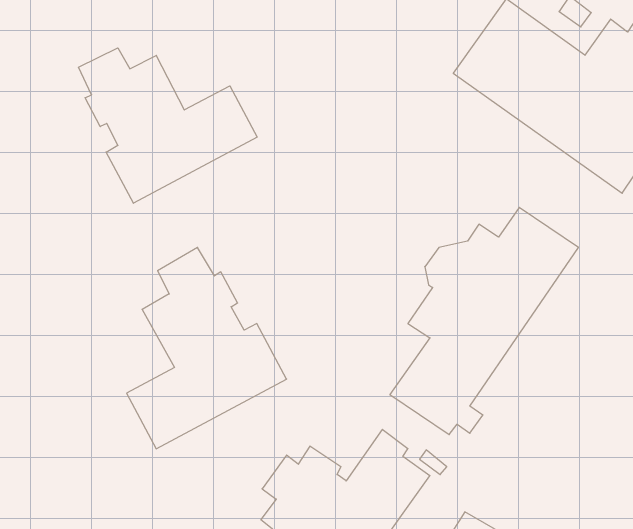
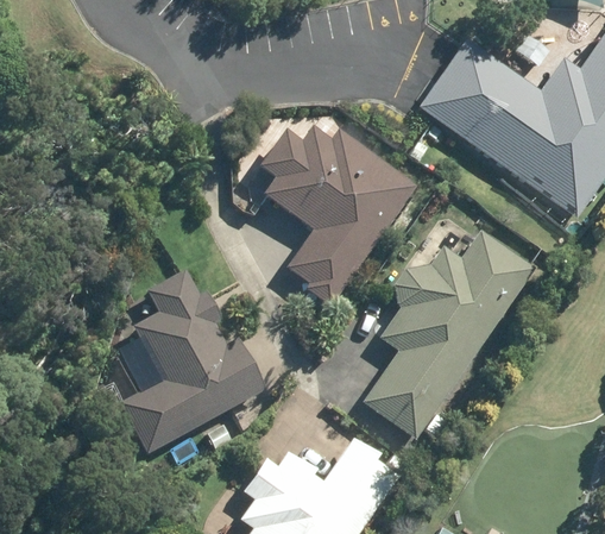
building: [78,48,257,203] -> none
building: none -> [259,125,415,308]

